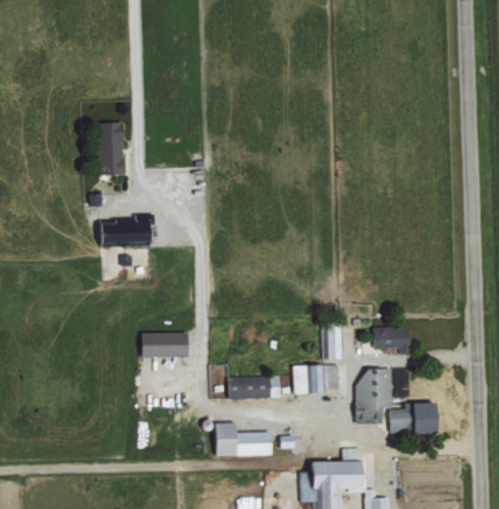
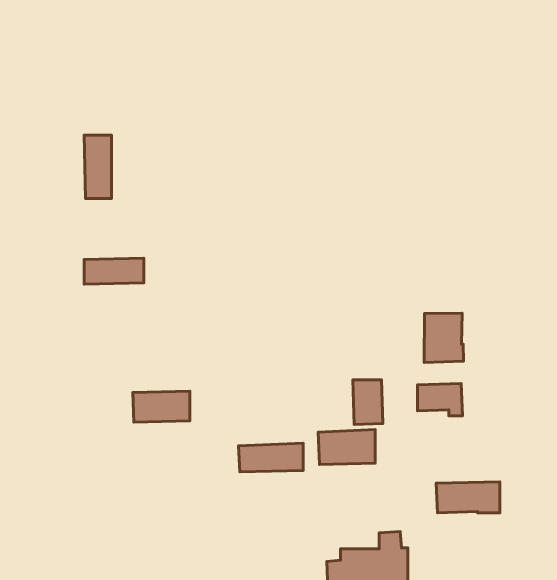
building: none -> [424,313,463,362]
building: [357,369,390,422] -> none
building: [213,422,270,457] -> none

